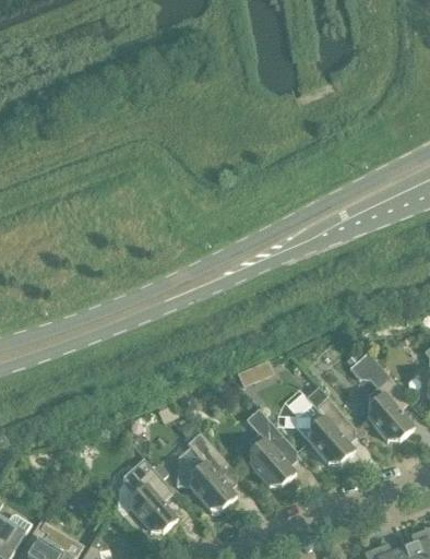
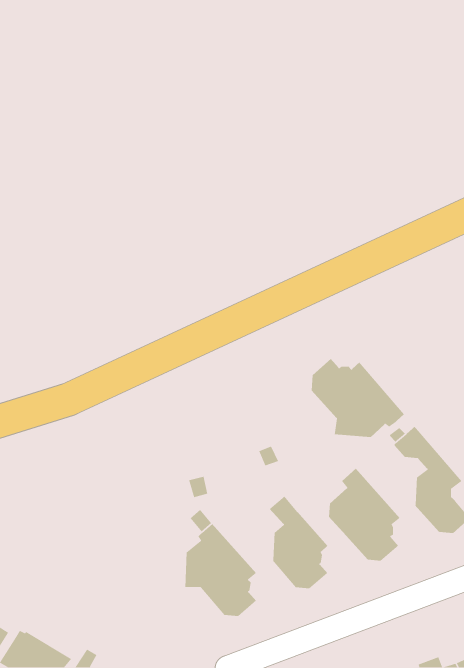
building: none -> [311,358,405,438]
building: [123,460,178,535] -> none

